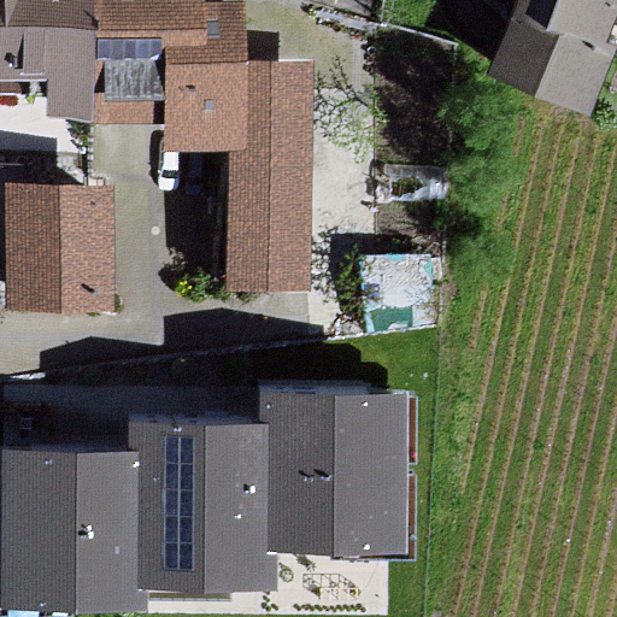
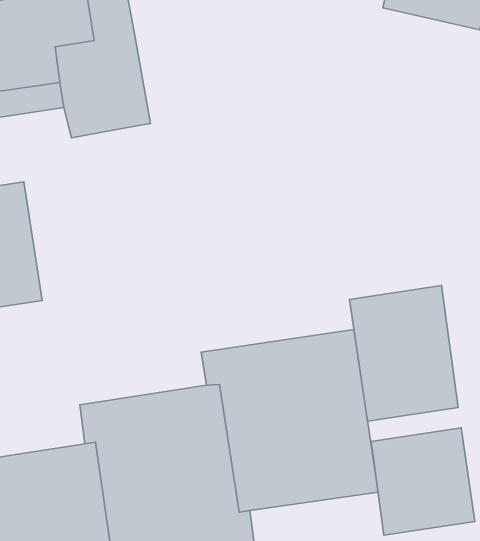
building: [228,60,310,288] -> none
building: none -> [349,286,458,421]
building: none -> [371,428,475,535]

